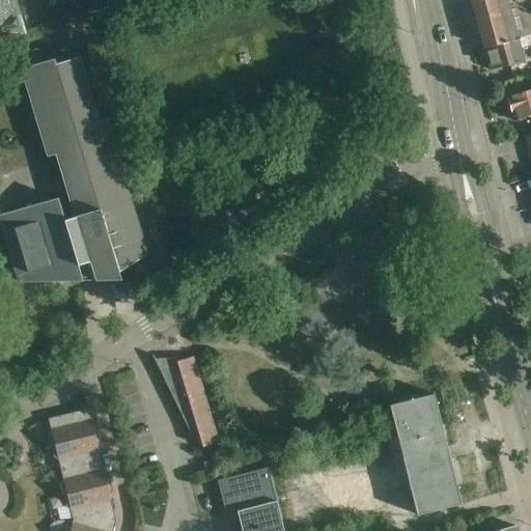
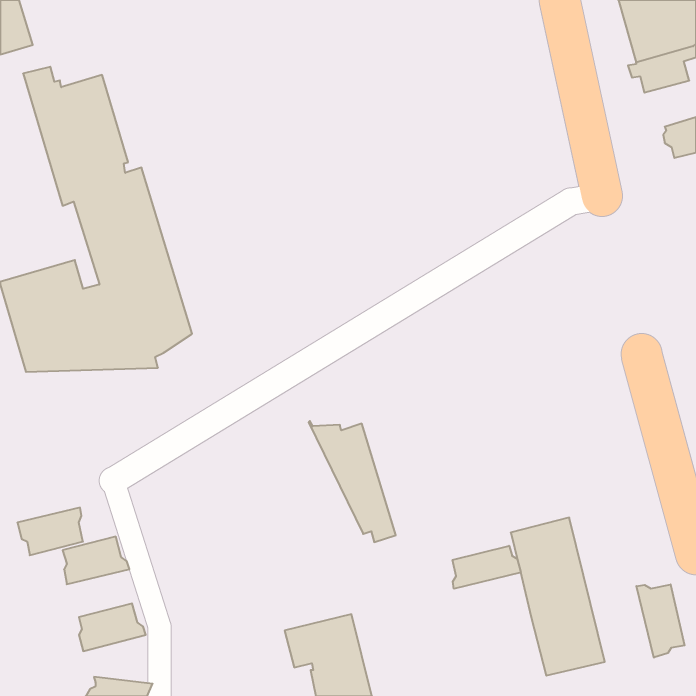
building: [152,355,219,447] -> [309,421,396,542]
building: none -> [453,546,521,589]
building: [51,434,101,470] -> [17,508,83,555]
building: none -> [636,584,685,658]
building: [63,483,116,521] -> none

